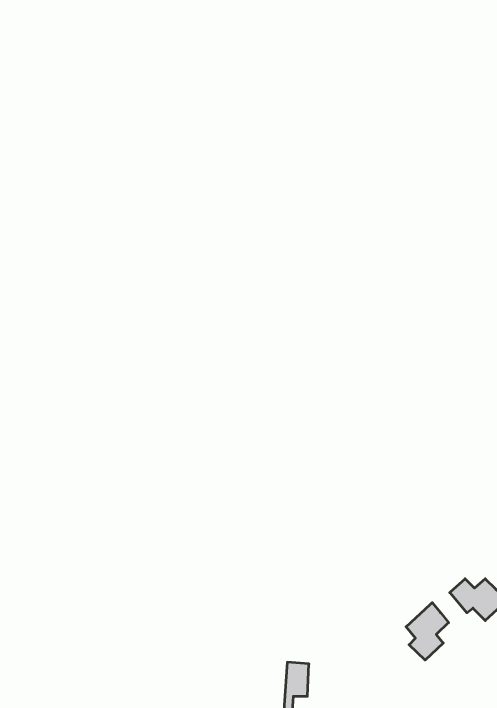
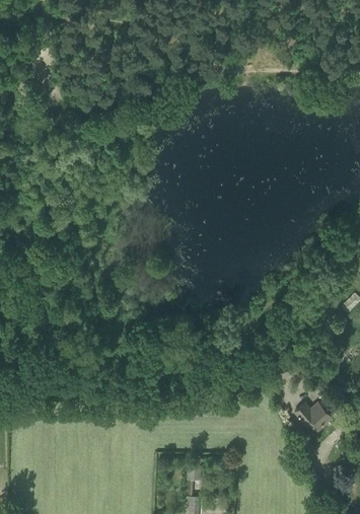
building: [406,603,449,660] -> none

